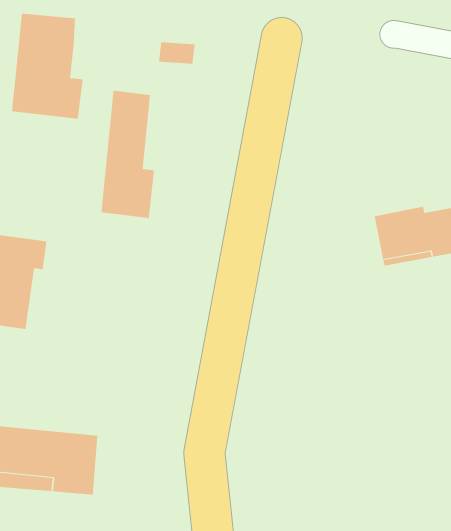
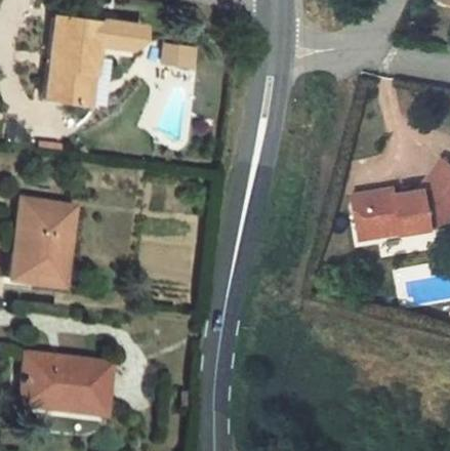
building: none -> [99,23,145,50]
building: [101,90,154,219] -> none

